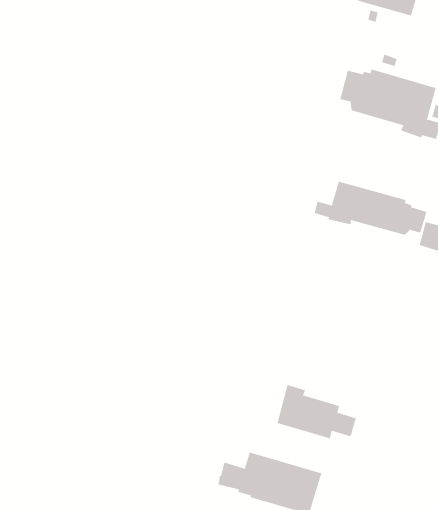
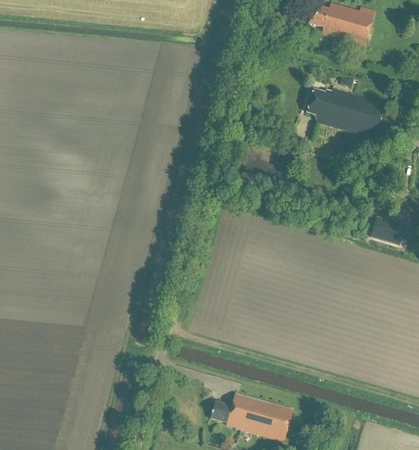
building: [314,181,427,235] -> none
building: [277,384,356,439] -> none

